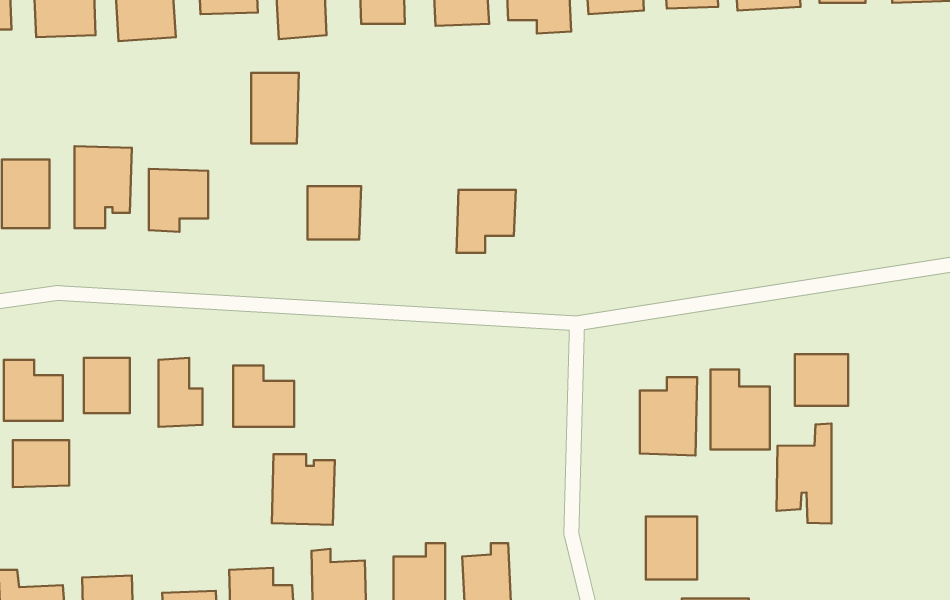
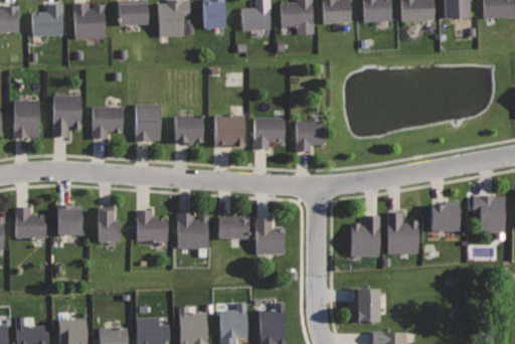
building: [251,73,299,144] -> [136,105,161,142]
building: none -> [215,116,243,146]
building: none -> [296,121,323,152]
building: none -> [474,196,505,233]
building: none -> [218,216,248,238]
building: none -> [255,218,285,255]
building: [776,423,832,523] -> none
building: [13,440,69,487] -> none
building: [272,454,335,525] -> [176,213,209,250]

